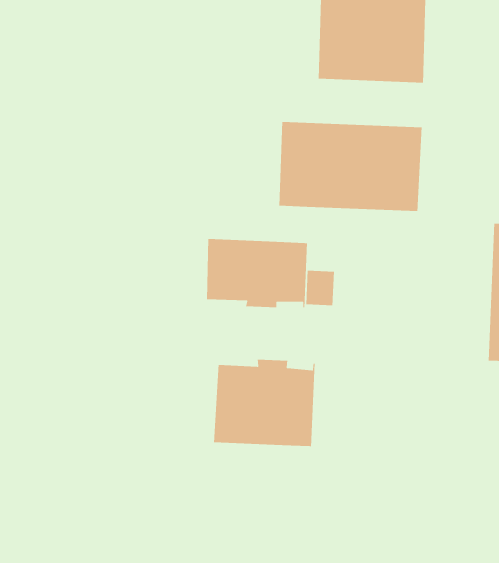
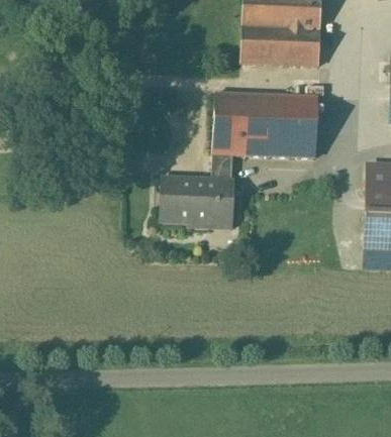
building: [305,270,335,306] -> [212,153,233,180]
building: [213,359,315,447] -> none

